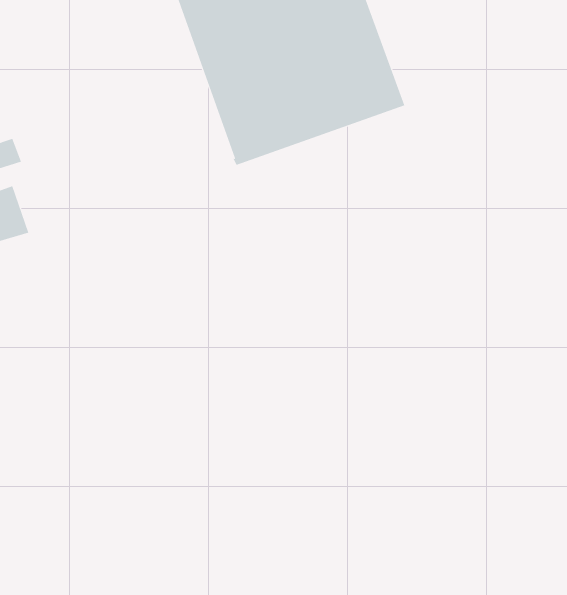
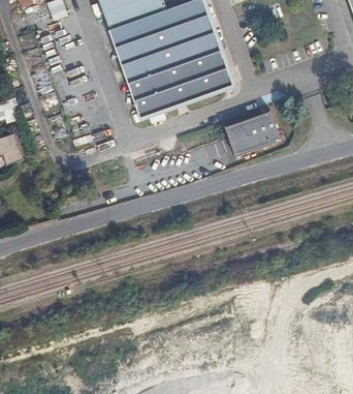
building: none -> [226,111,281,157]

